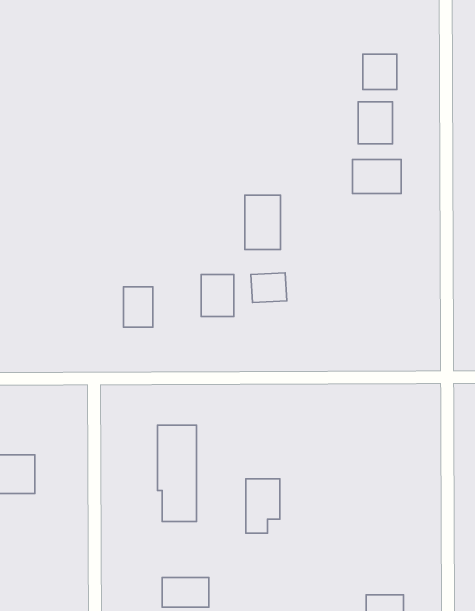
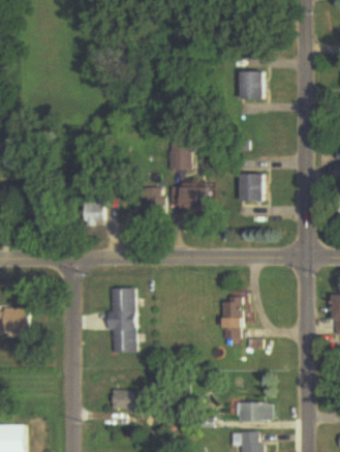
building: [363,54,397,89] -> none
building: [352,160,401,194] -> none
building: none -> [240,174,266,201]
building: [246,479,280,533] -> [222,301,245,337]

